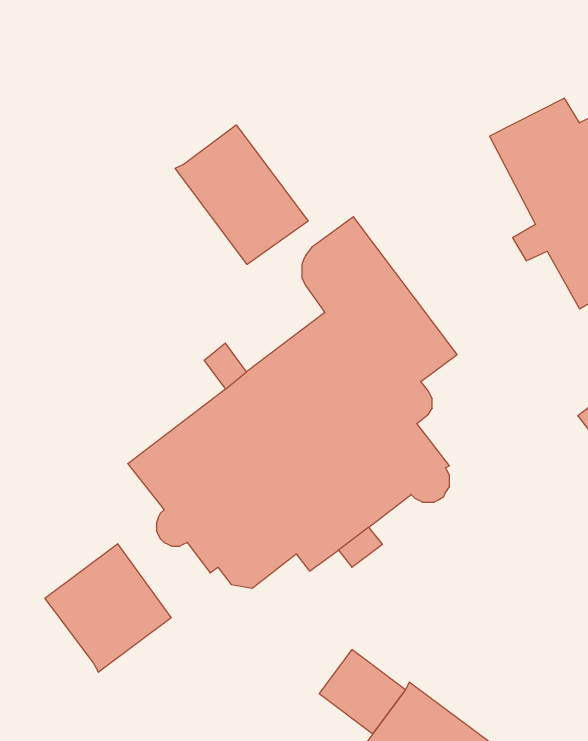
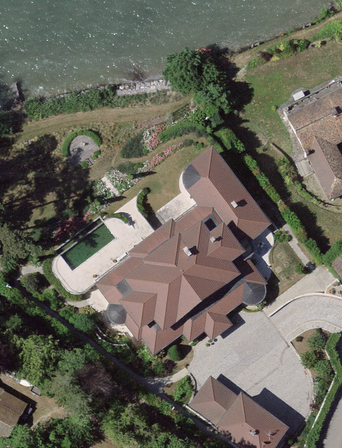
building: [175,125,308,264] -> none
building: [45,544,171,672] -> none

